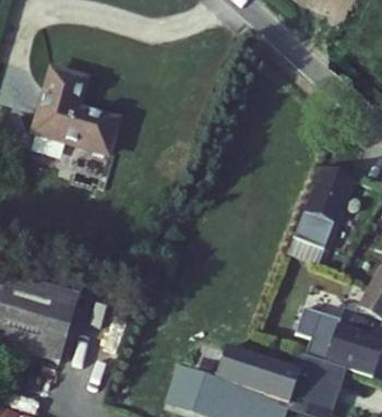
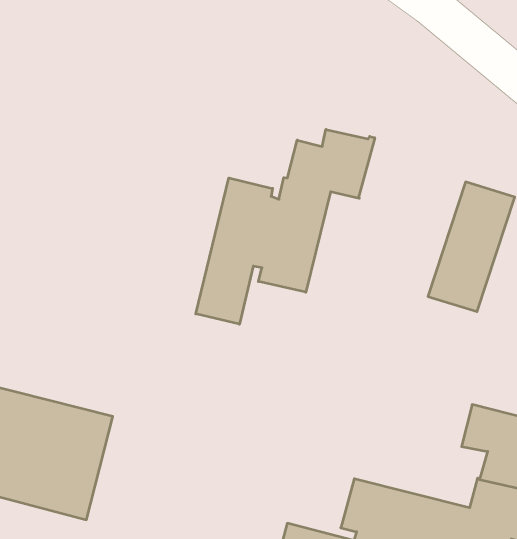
building: [34,74,116,159] -> none
building: none -> [196,129,375,324]

